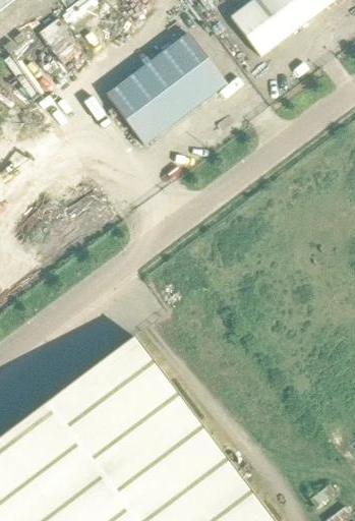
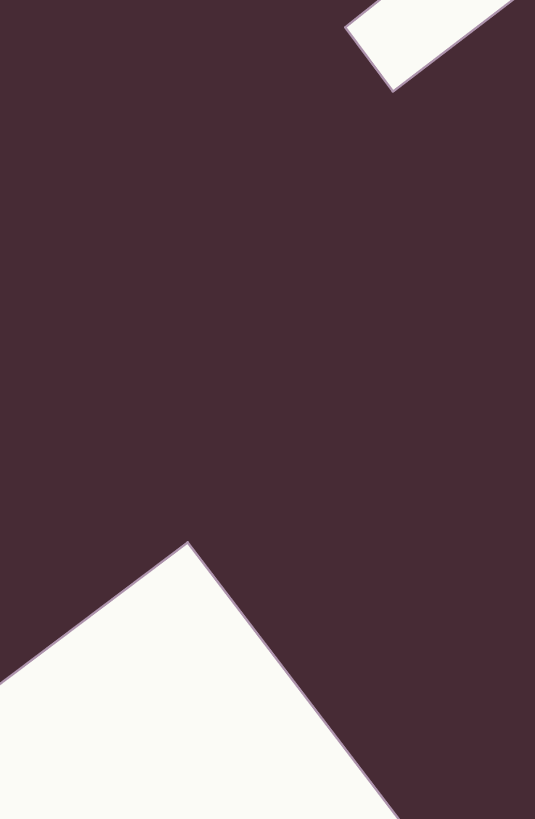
building: [106,34,225,146] -> none

